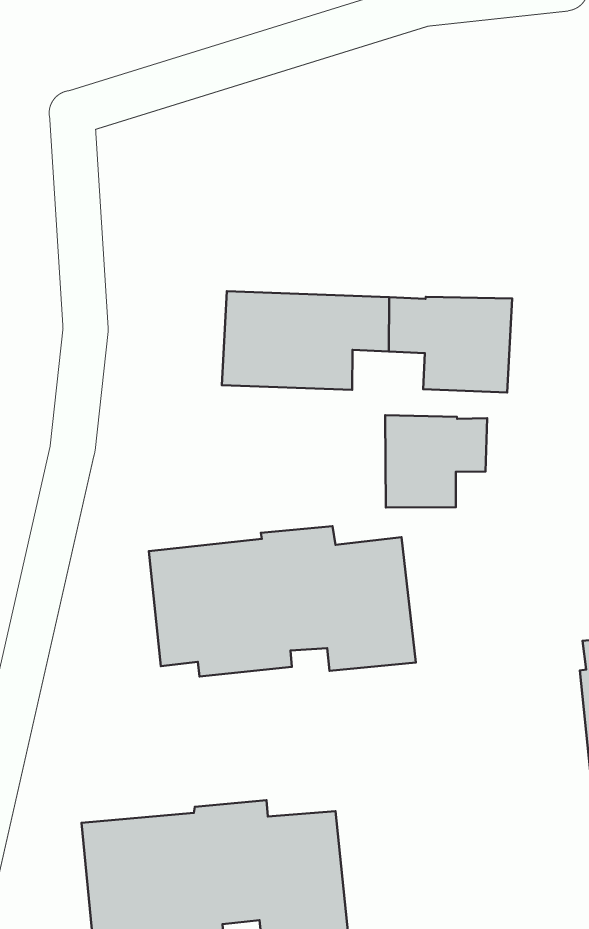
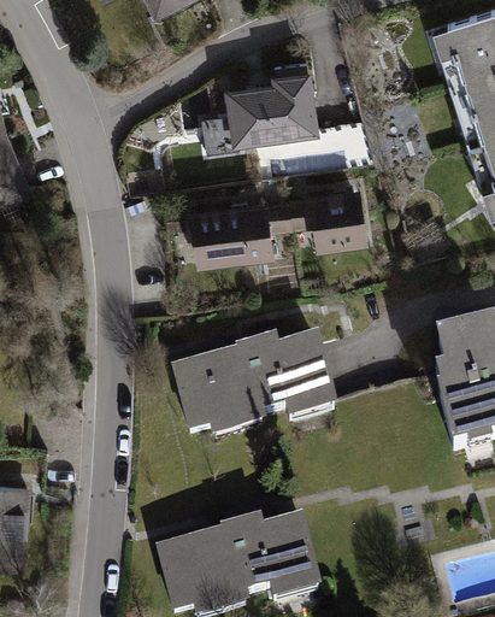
building: none -> [200,67,318,153]
building: [385,415,487,508] -> none

